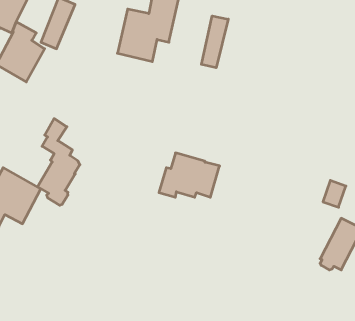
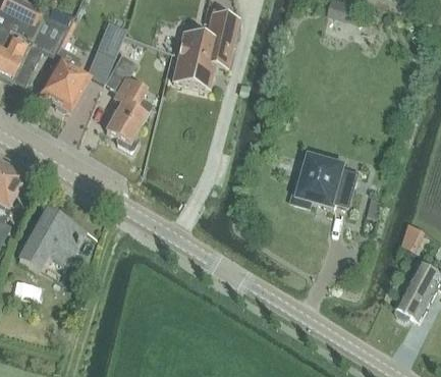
building: [201,16,228,68] -> none
building: [37,119,80,205] -> [106,54,153,150]
building: [159,153,220,197] -> [292,157,360,206]

